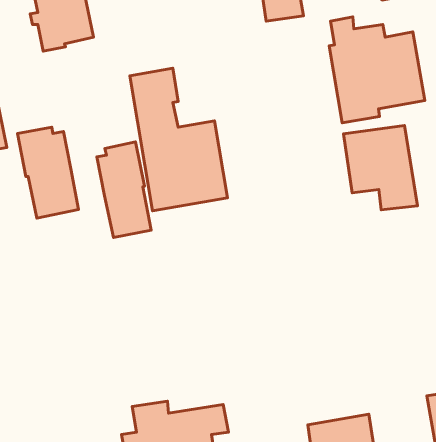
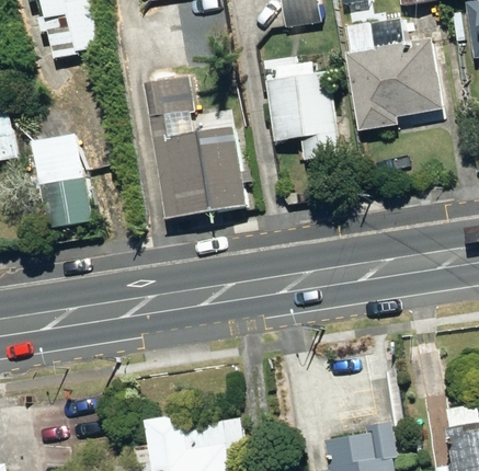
building: [343,125,417,210] -> [266,72,342,159]
building: [97,142,151,238] -> none

